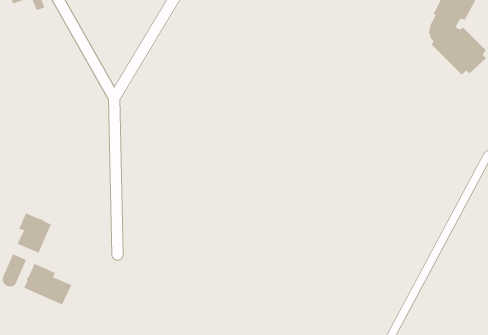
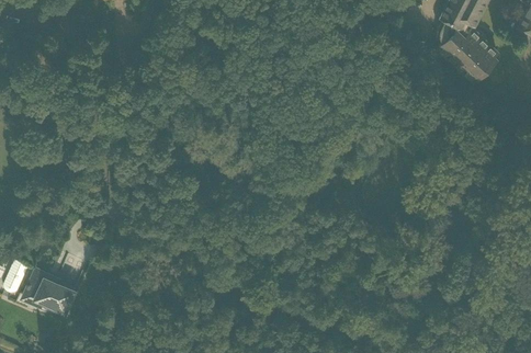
building: [17,213,52,253] -> none

